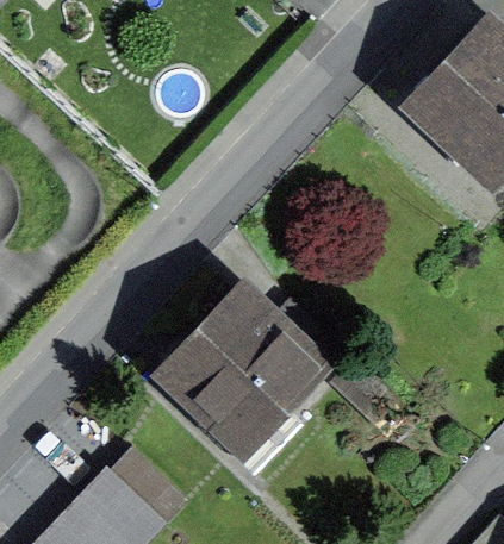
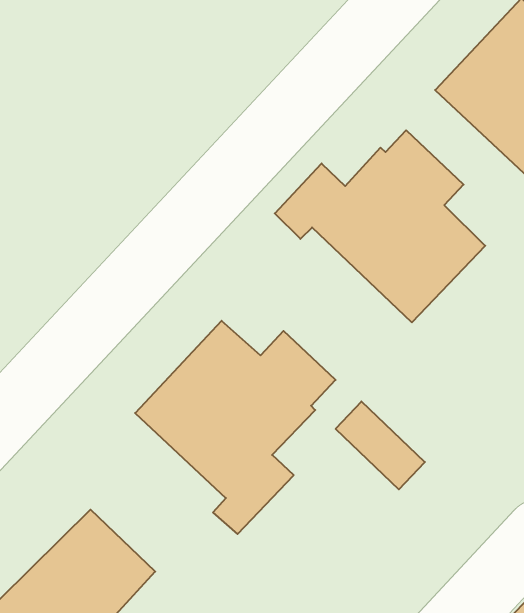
building: none -> [275,130,485,322]

